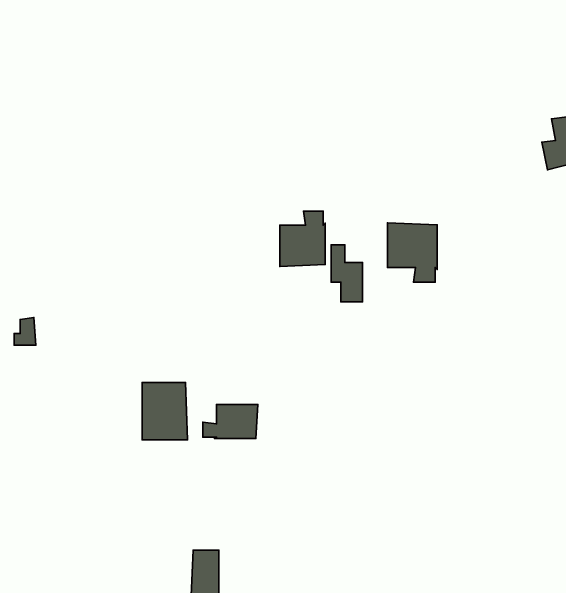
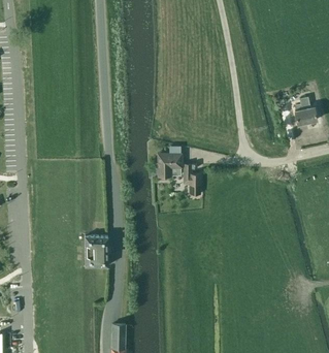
building: [387,223,437,282] -> none
building: [203,404,258,438] -> none

